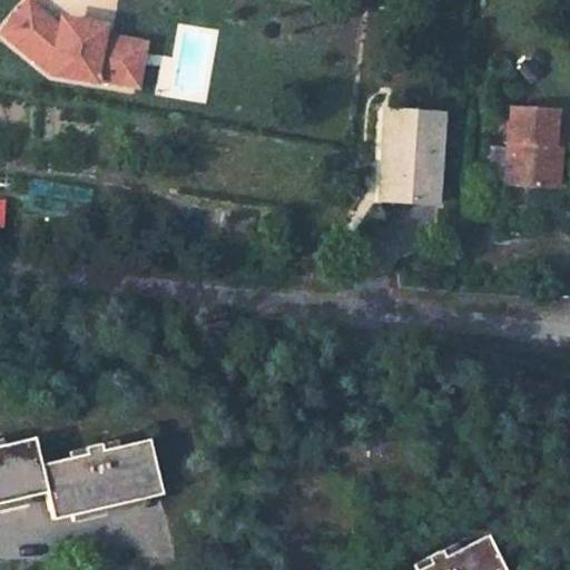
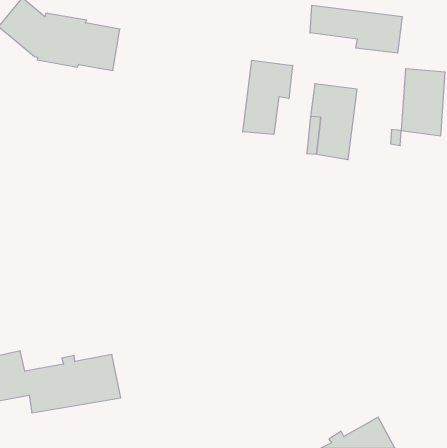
building: none -> [310,5,402,53]
building: none -> [243,60,293,134]

